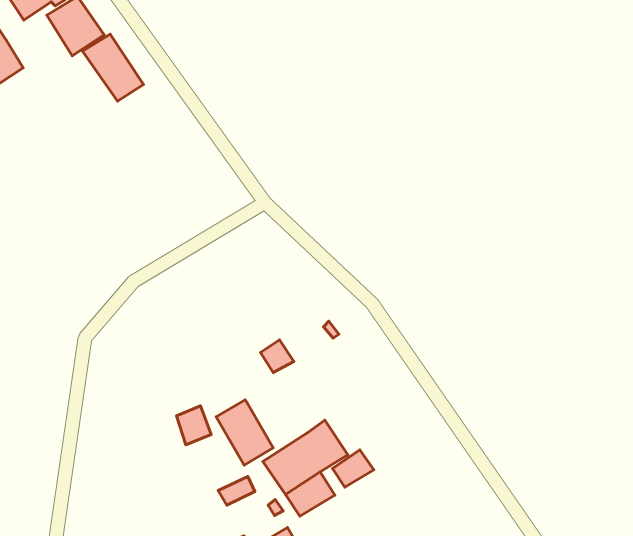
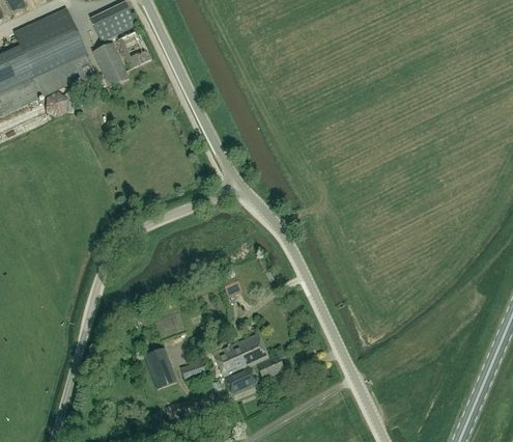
building: [83,34,143,101] -> [91,42,127,86]
building: [216,400,273,465] -> [142,346,176,388]

